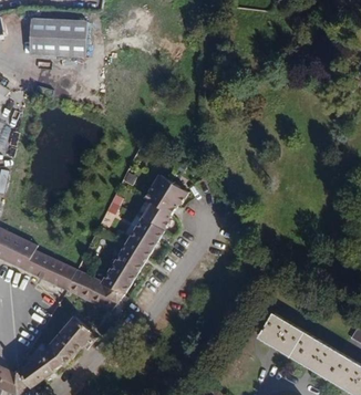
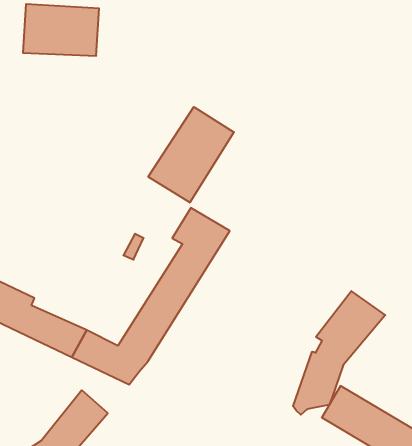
building: none -> [148,107,234,203]
building: none -> [293,291,385,415]

